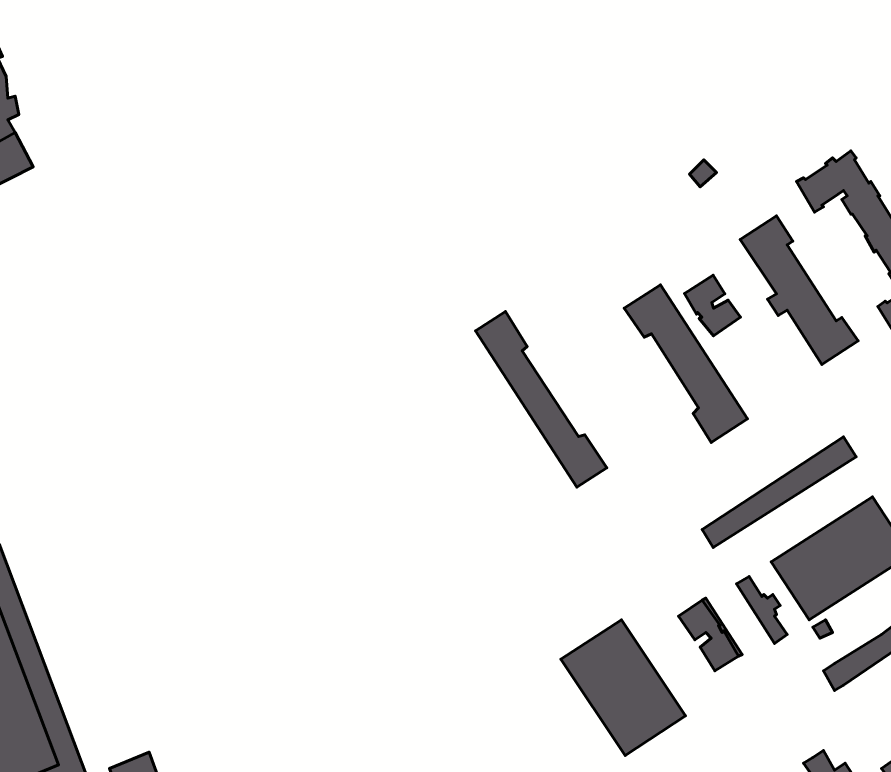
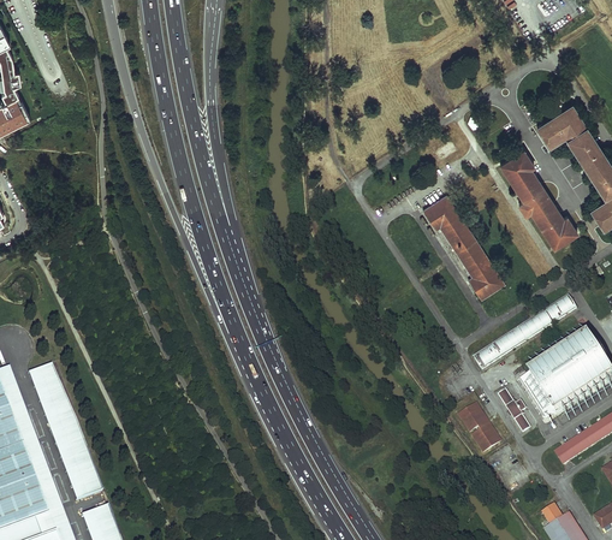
building: [685,275,741,336] -> none
building: [476,312,607,487] -> none
building: none -> [26,364,101,500]
building: [561,620,686,756] -> none

